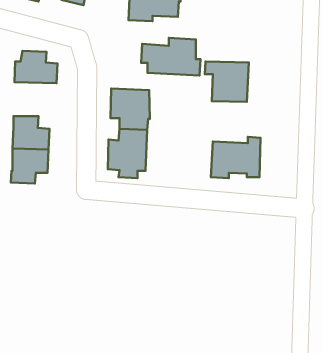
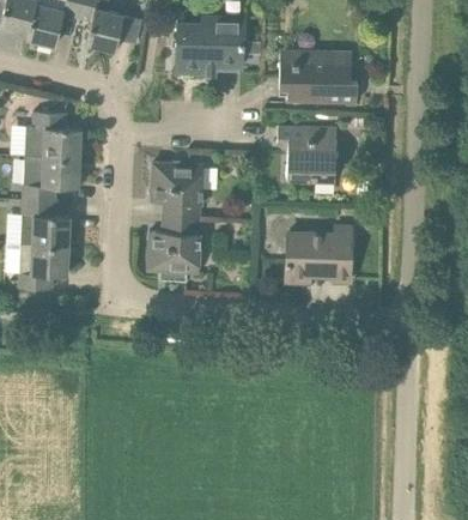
building: [141,38,200,75] -> [278,54,357,104]
building: none -> [22,155,79,200]

